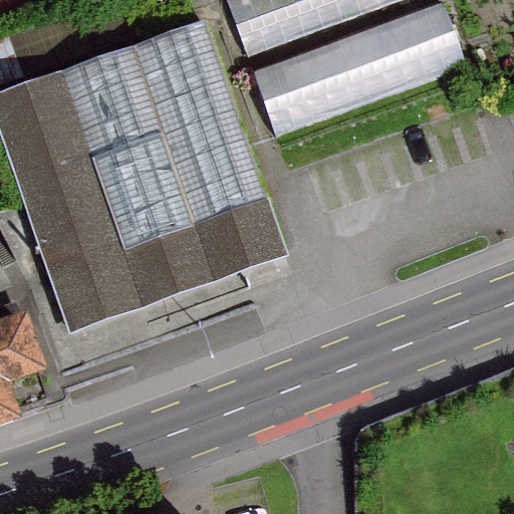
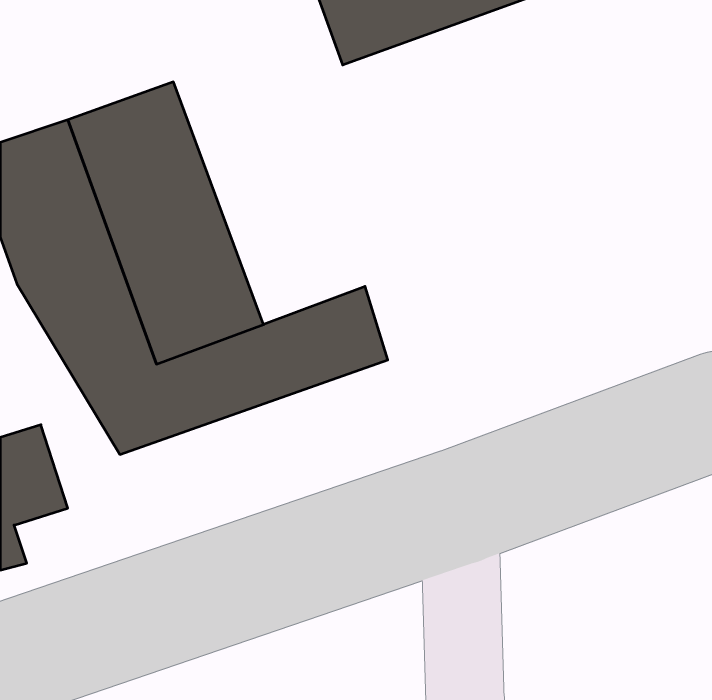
building: [254,4,463,127] -> none
building: [130,31,266,231] -> none

